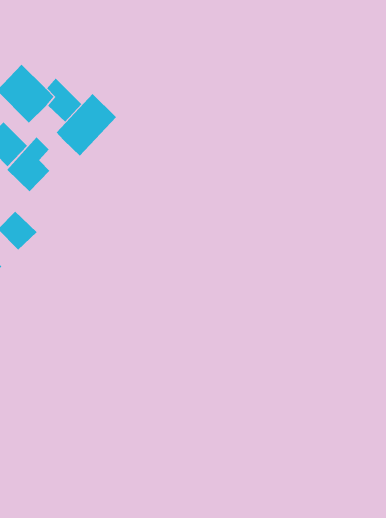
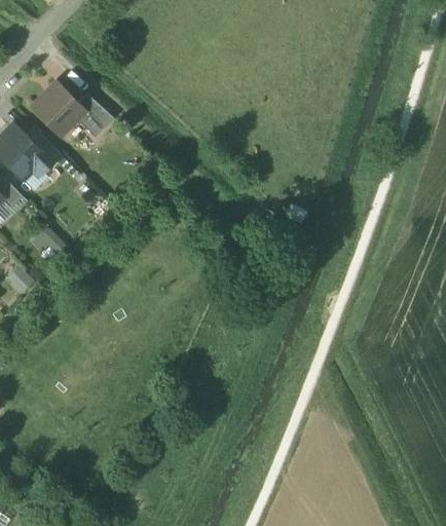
building: [56,93,117,156] -> none
building: [6,136,50,192] -> none

